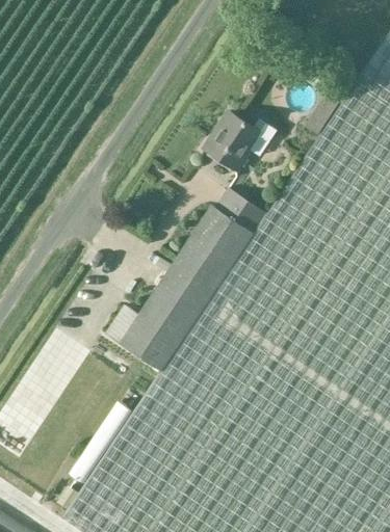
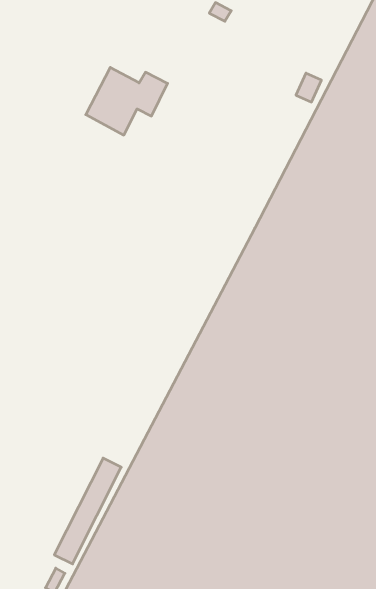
building: [205,113,277,171] -> [86,67,168,135]
building: [105,190,265,373] -> none

